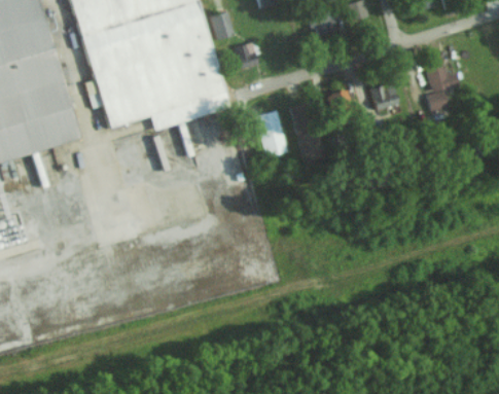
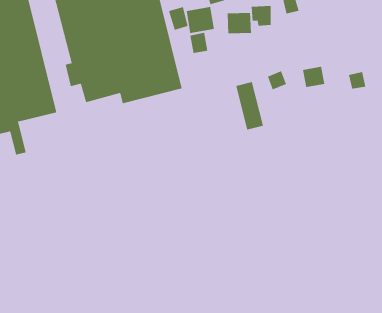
building: none -> [186,6,214,34]
building: none -> [227,12,252,34]
building: [426,53,459,91] -> none
building: [255,109,288,156] -> none

